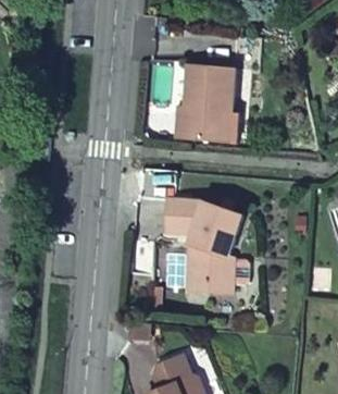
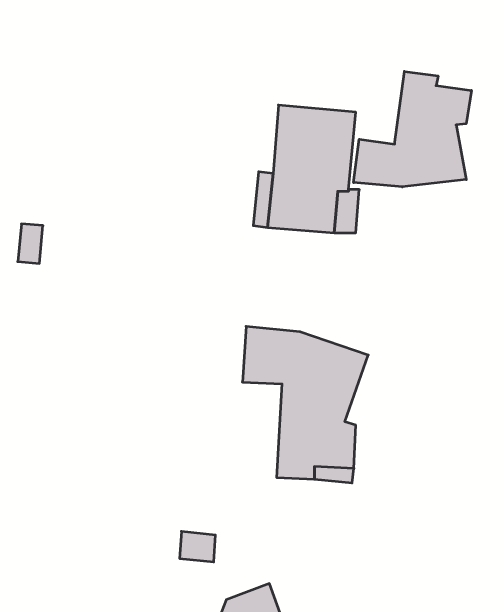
building: none -> [354,71,471,187]

